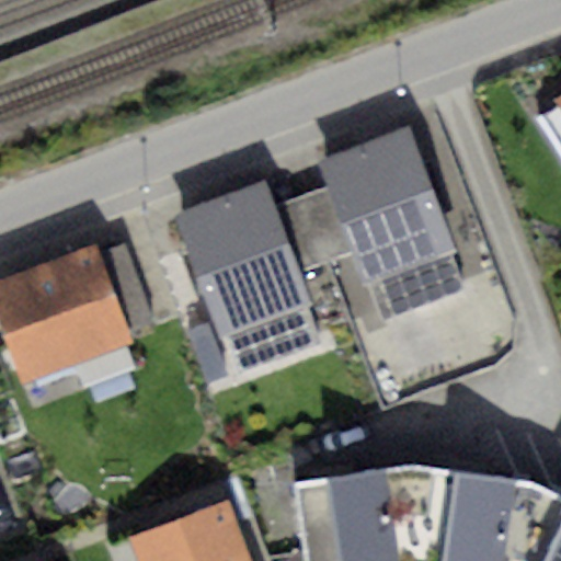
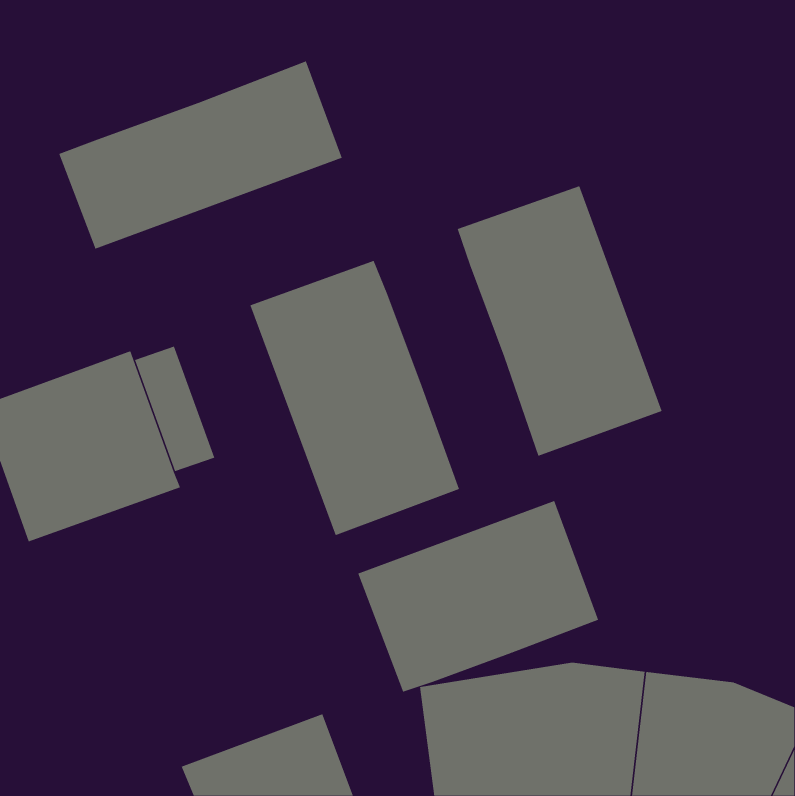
building: none -> [59,60,343,250]
building: [273,186,354,272] -> none
building: none -> [358,500,599,692]

